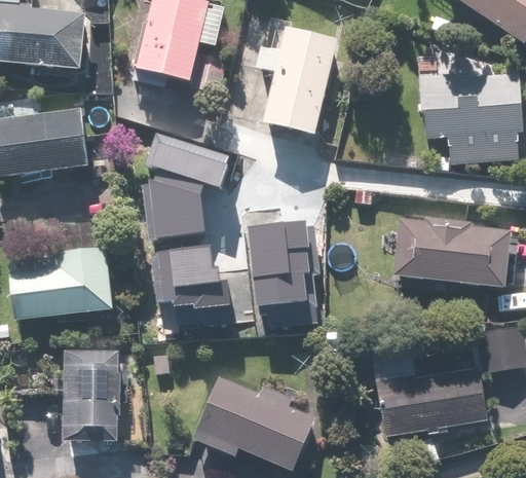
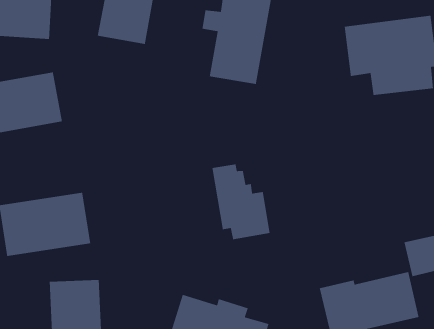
building: [150,128,229,231] -> none
building: [388,217,509,288] -> none
building: [158,237,254,320] -> none

